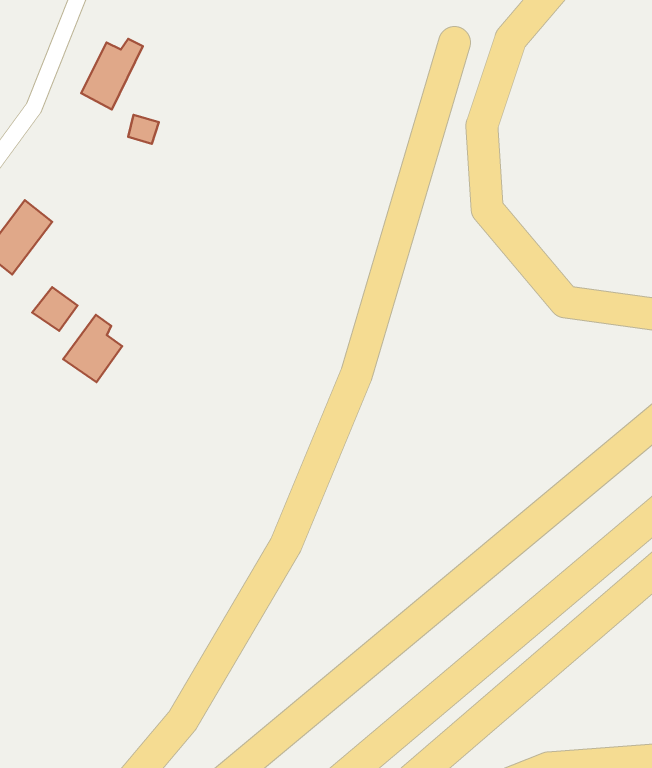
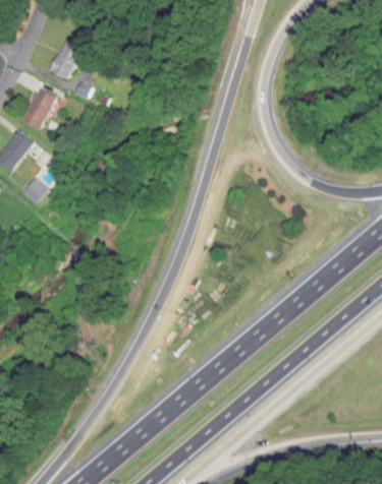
building: none -> [21,88,55,130]
building: [63,315,122,382] -> none

